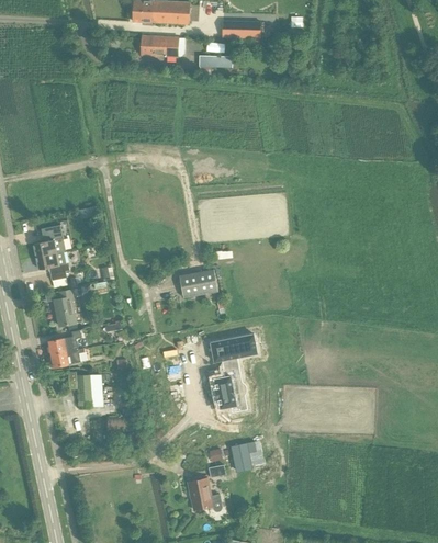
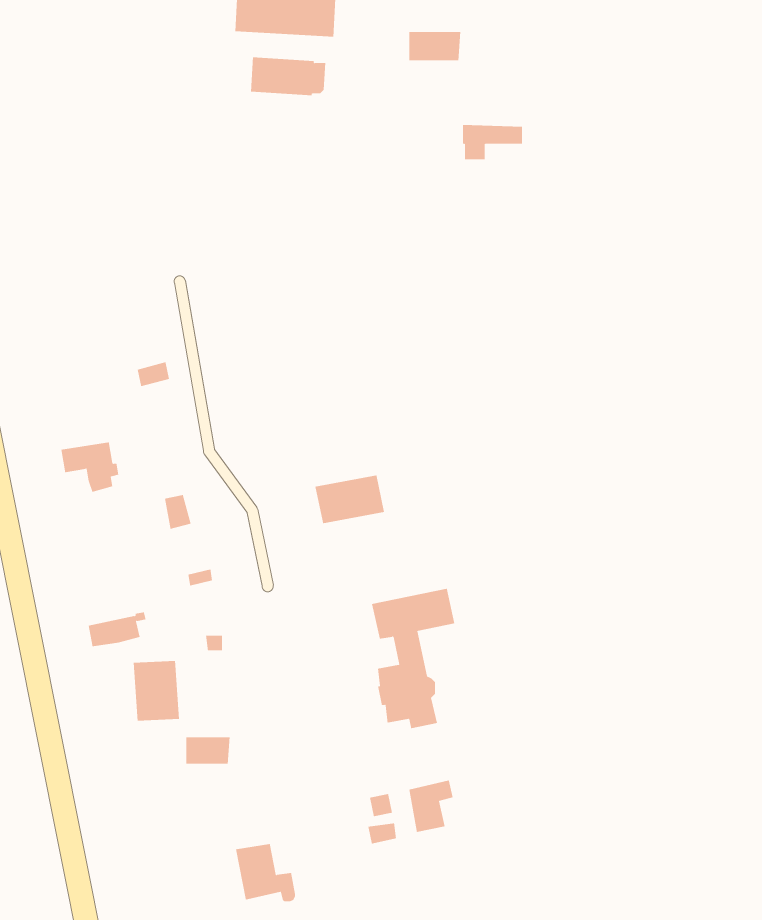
building: [198,56,232,76] -> [462,125,523,160]
building: [33,225,65,256] -> none
building: [53,289,75,326] -> none
building: [47,329,80,354] -> none
building: [187,478,221,511] -> [235,843,296,902]

